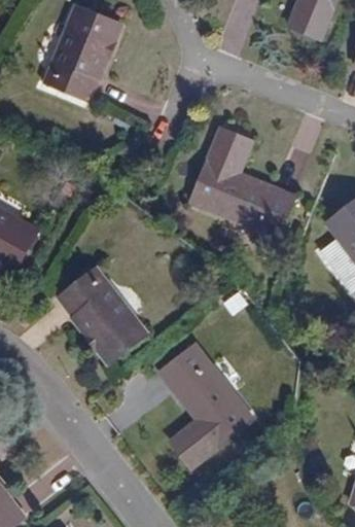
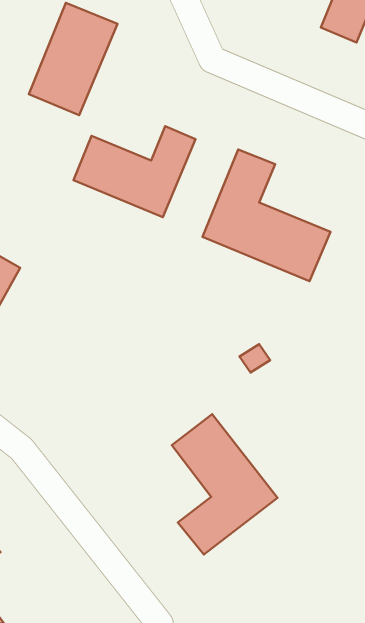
building: none -> [74,126,196,217]
building: [60,269,147,362] -> none

